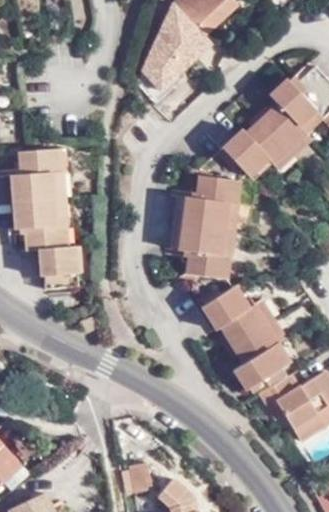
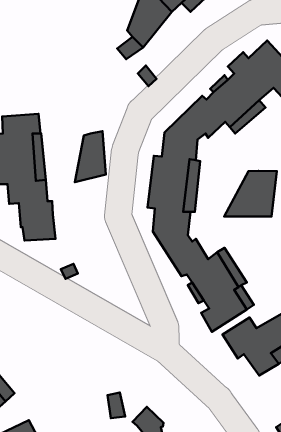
building: none -> [75,131,106,182]
building: none -> [224,171,277,216]

